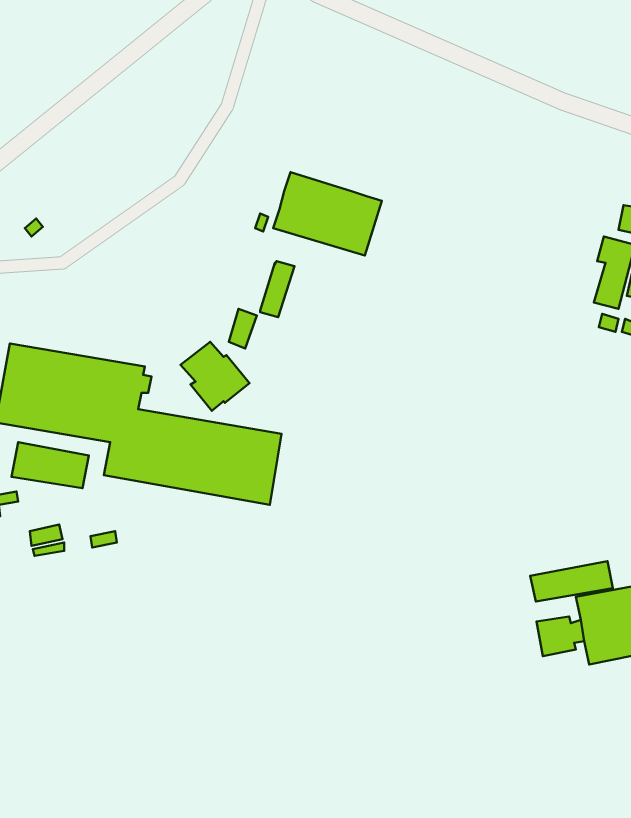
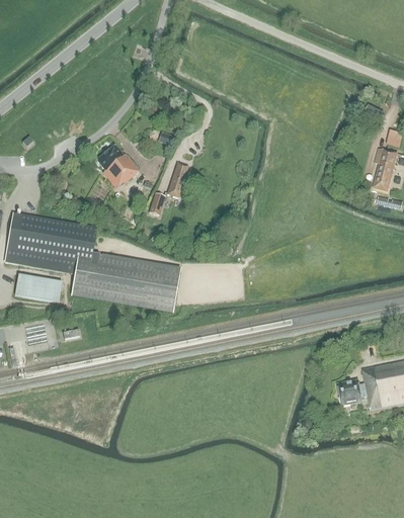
building: [273,172,382,256] -> none
building: [181,342,250,411] -> [96,145,139,187]
building: [530,561,613,601] -> none

